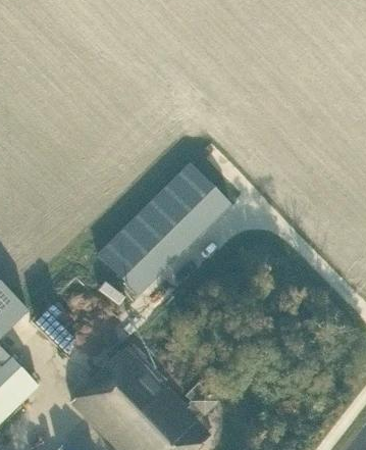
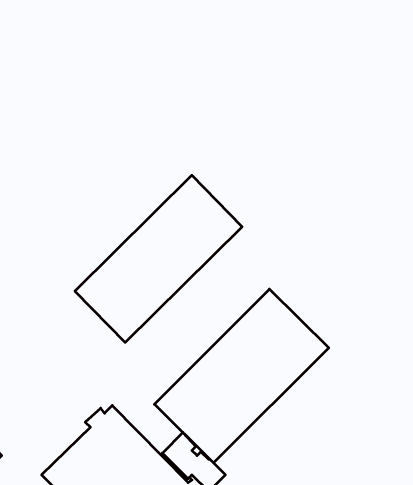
building: none -> [154,289,329,463]

